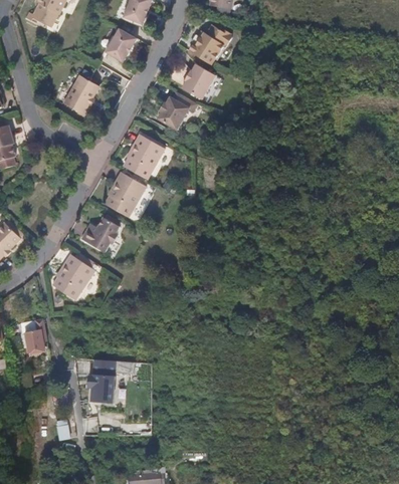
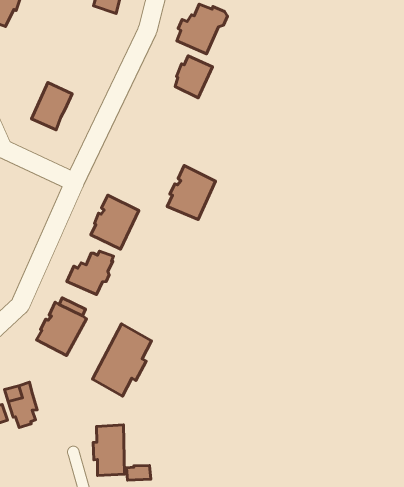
building: [106,28,136,61] -> none
building: [157,91,198,130] -> none
building: [123,134,164,179] -> [167,166,215,220]
building: none -> [92,324,152,396]

